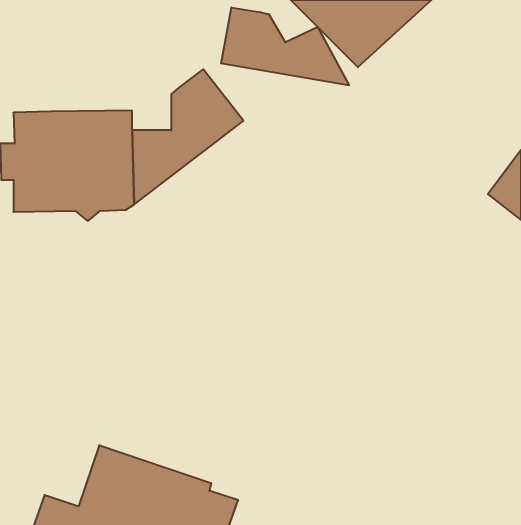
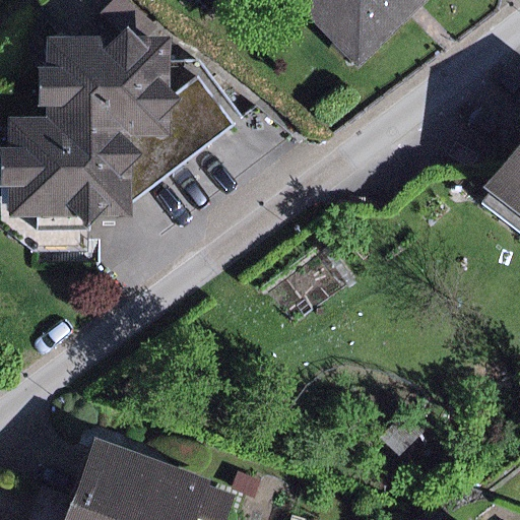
building: [221,7,349,85] -> none
building: none -> [36,19,176,131]

